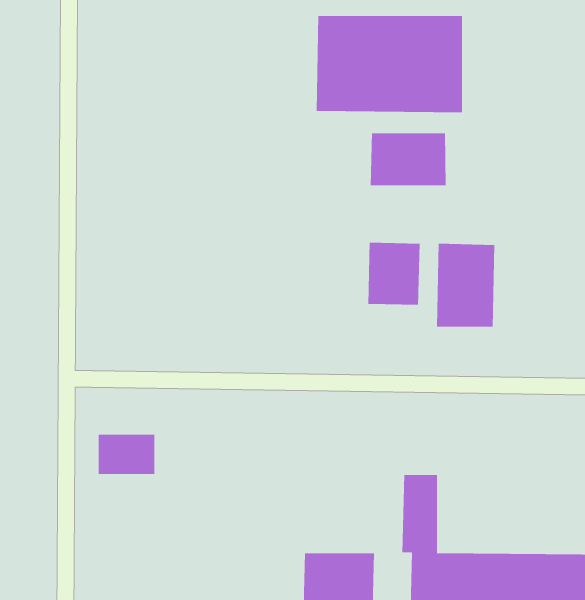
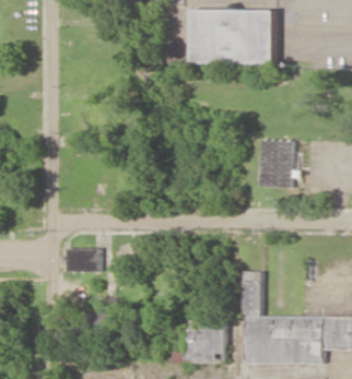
building: [370,133,446,186] -> none
building: [368,242,420,306] -> none

